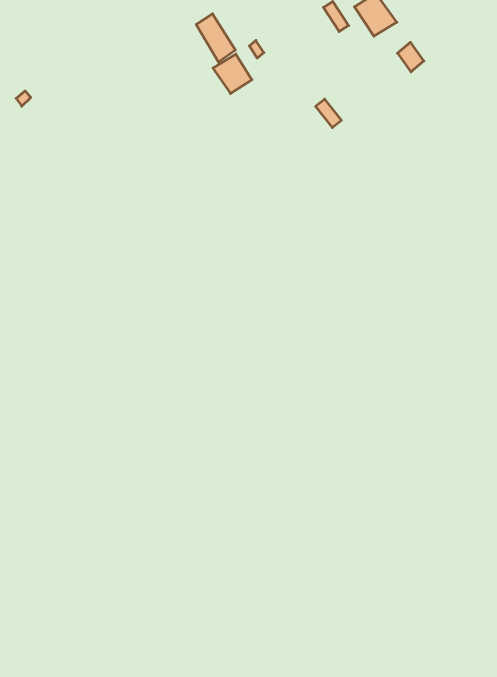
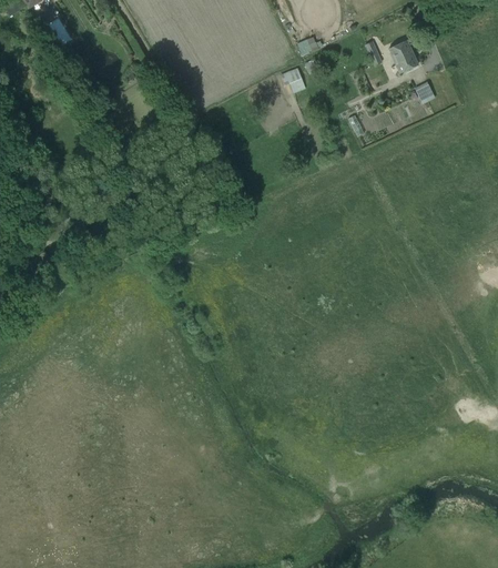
building: [196,14,235,62] -> none

